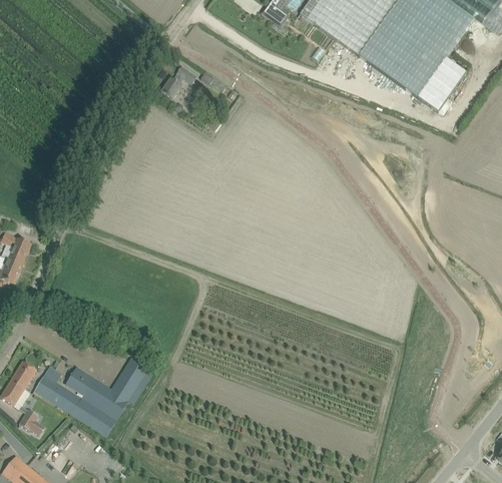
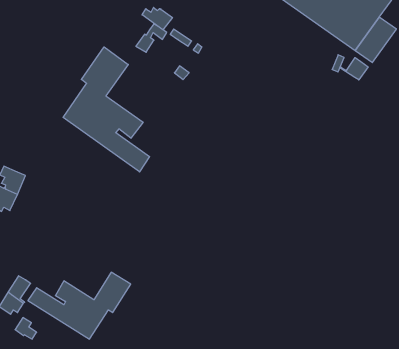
building: none -> [142,7,172,30]
building: none -> [63,47,150,172]
building: none -> [341,58,368,80]

